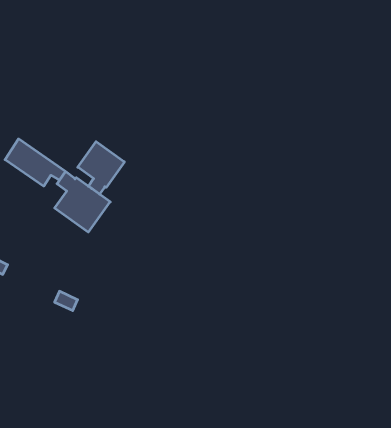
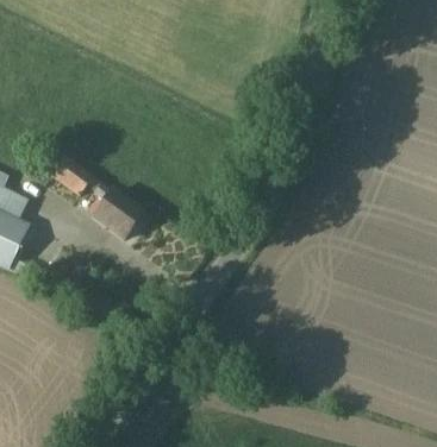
building: [78,142,124,194] -> none

